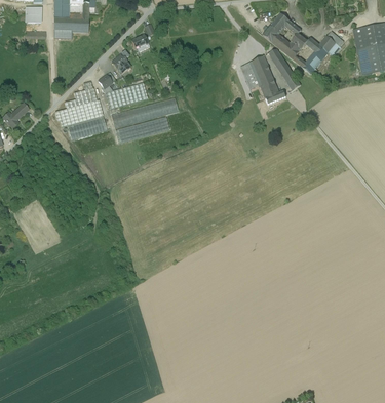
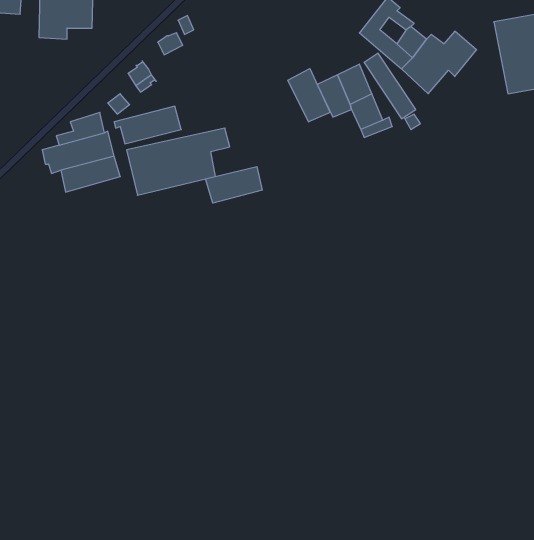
building: none -> [288,69,330,122]
building: none -> [206,167,262,203]

